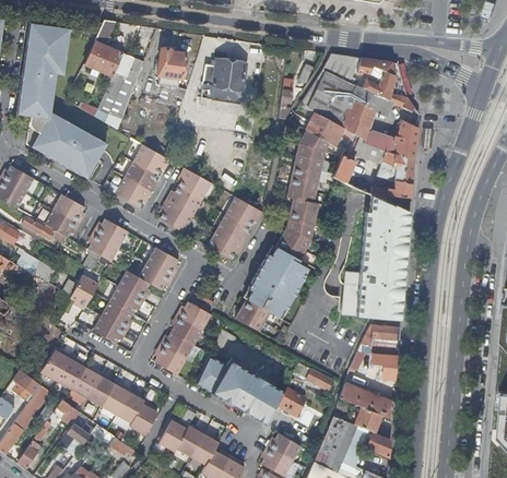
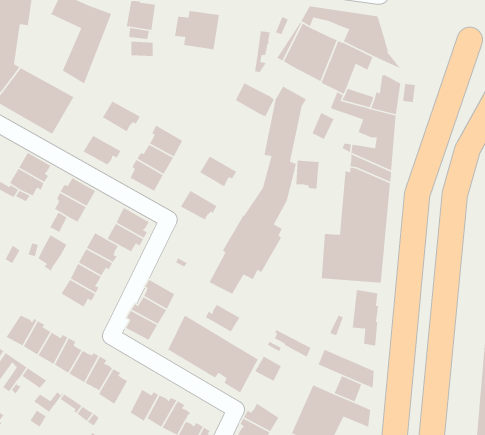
building: [306,113,344,147] -> [235,82,275,118]
building: [125,162,157,193] -> none
building: none -> [295,160,320,190]
building: [217,214,250,246] -> none
building: [178,302,212,330] -> [205,304,240,332]

